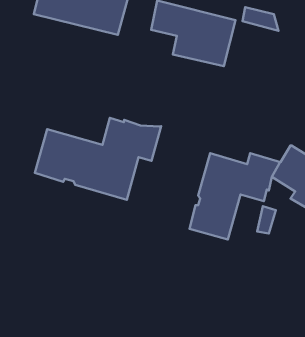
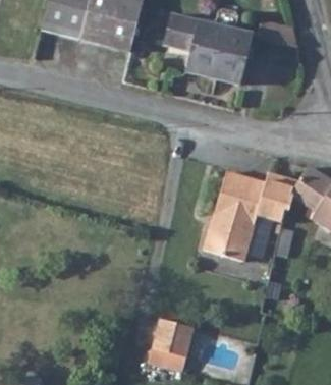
building: [35,118,161,200] -> none
building: none -> [145,319,186,360]

